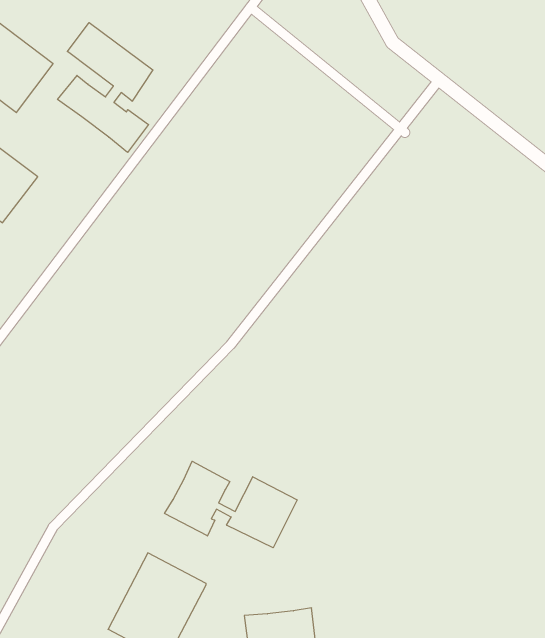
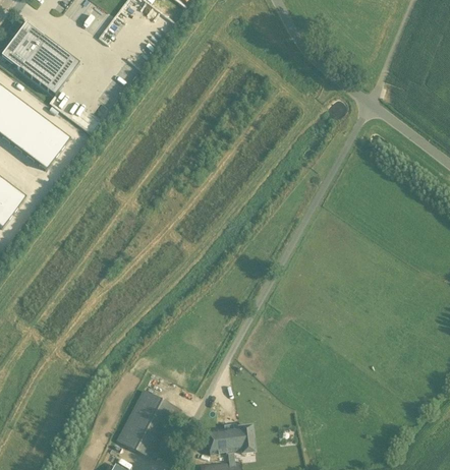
building: [58,23,153,152] -> none
building: [165,461,297,548] -> none

